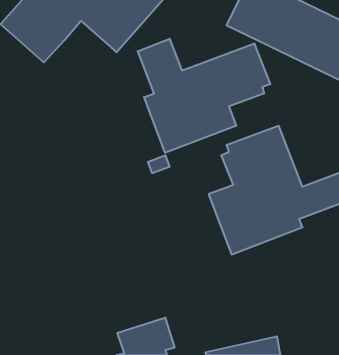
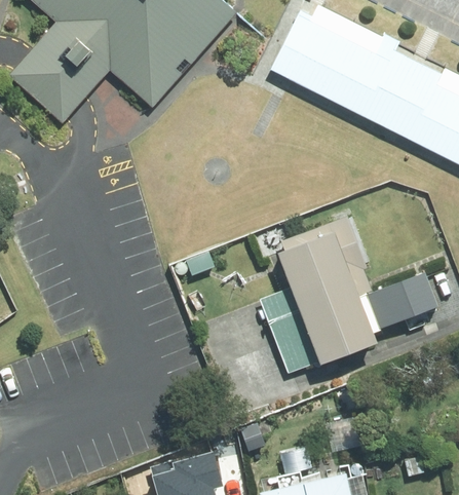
building: [138,39,270,153] -> none

